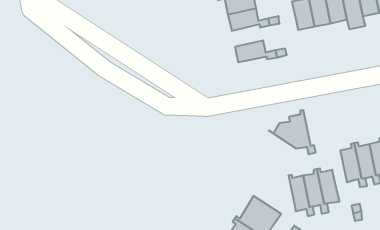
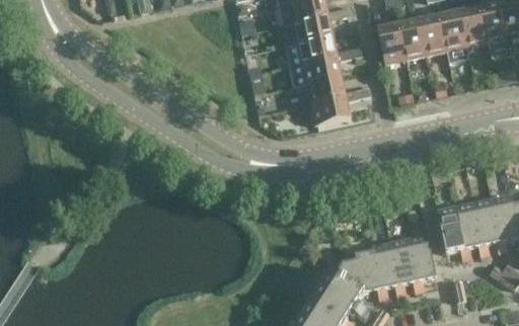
building: none -> [302,55,342,83]
building: none -> [310,95,350,124]
building: [269,110,316,154] -> [329,244,388,299]

